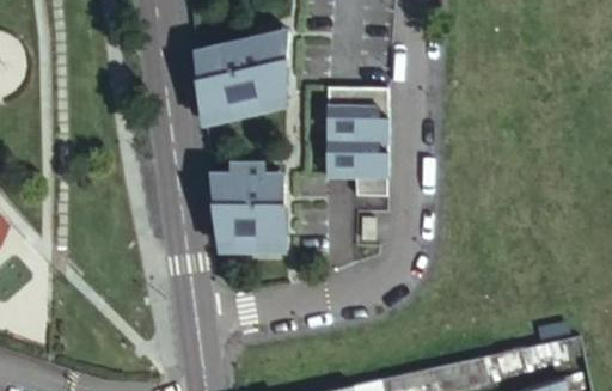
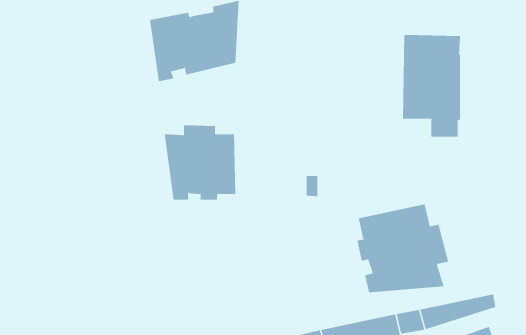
building: [325,88,387,197] -> [402,35,461,137]
building: none -> [357,204,449,293]

